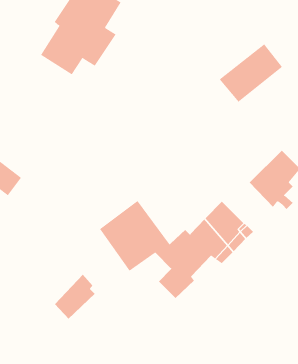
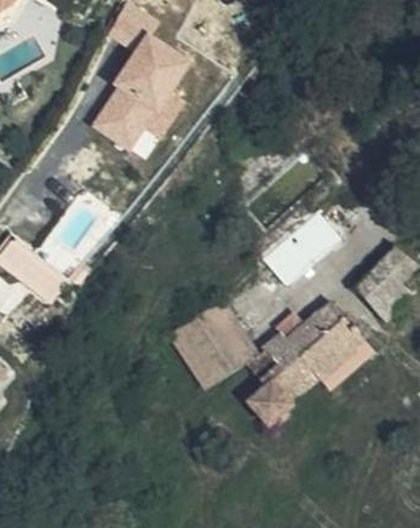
building: [219,44,283,103] -> [263,207,343,281]
building: [54,274,95,319] -> none

